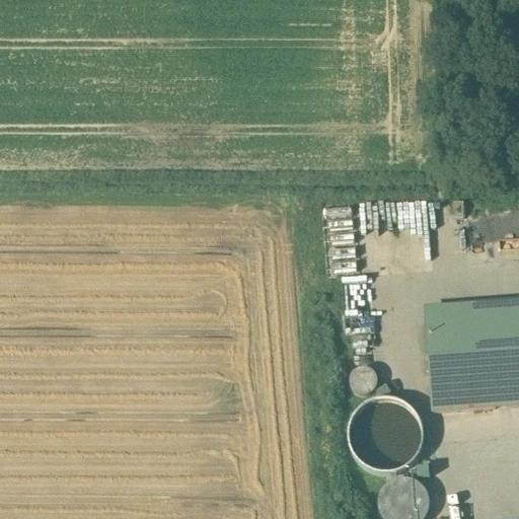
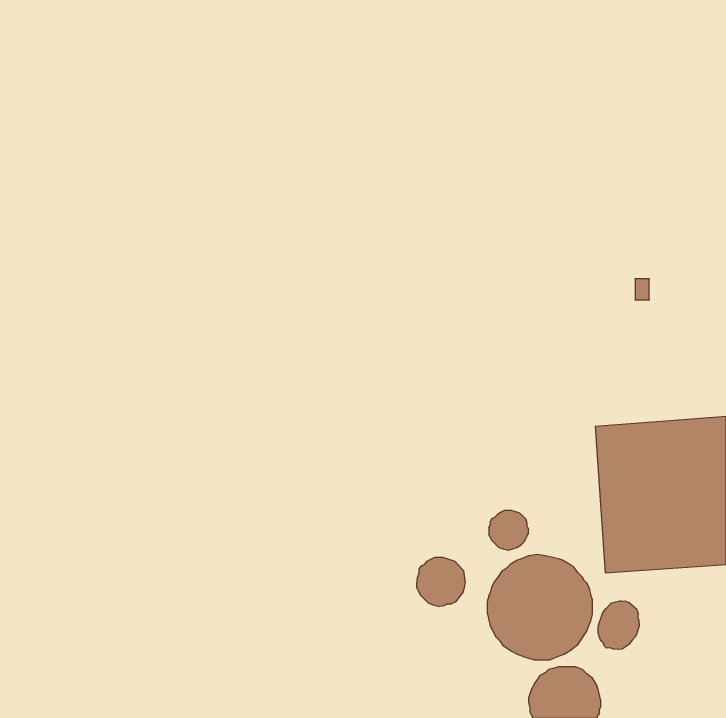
building: none -> [417,557,465,607]
building: none -> [598,601,639,649]

